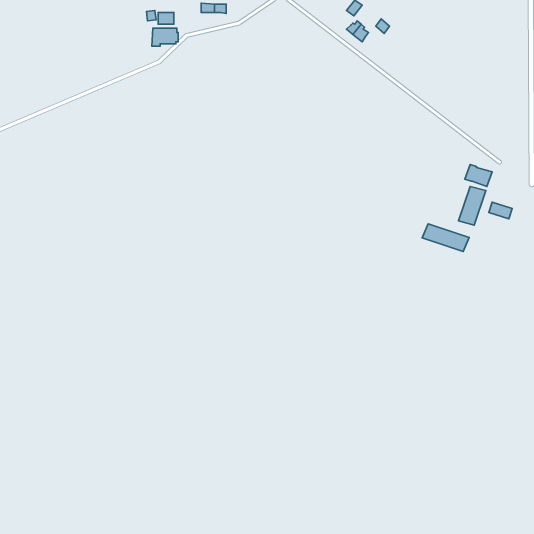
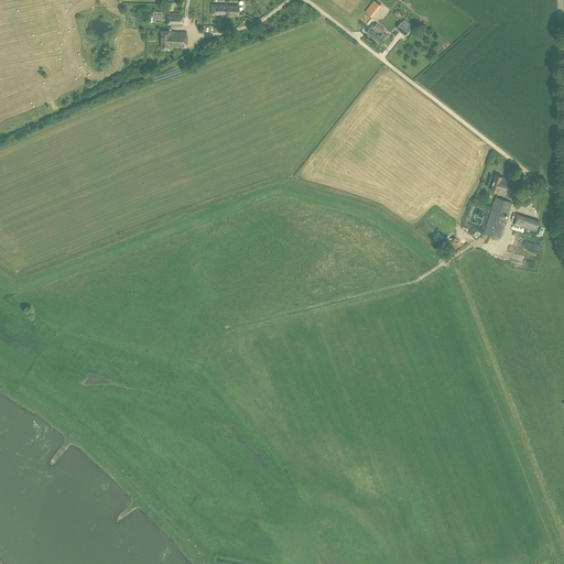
building: [422,224,469,251] -> none

